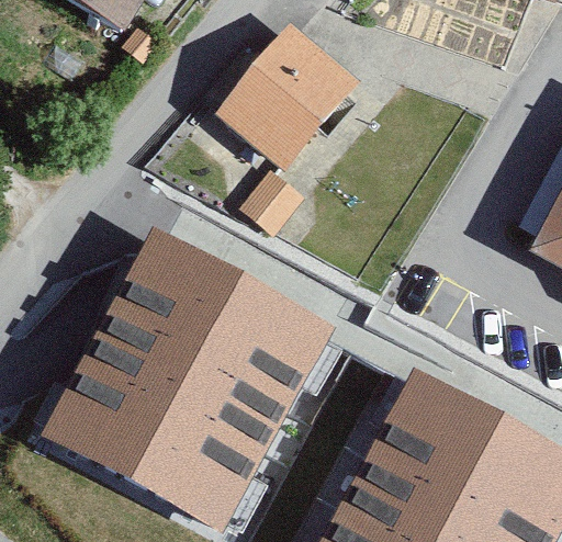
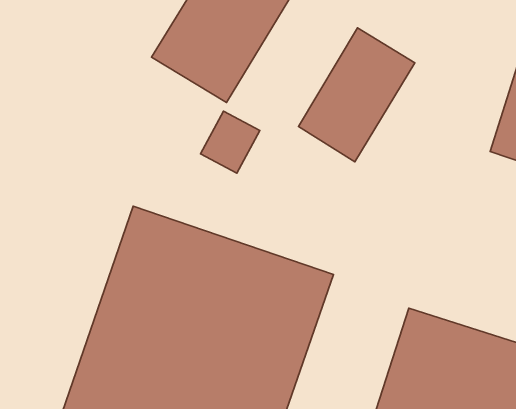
building: none -> [299,28,415,162]

